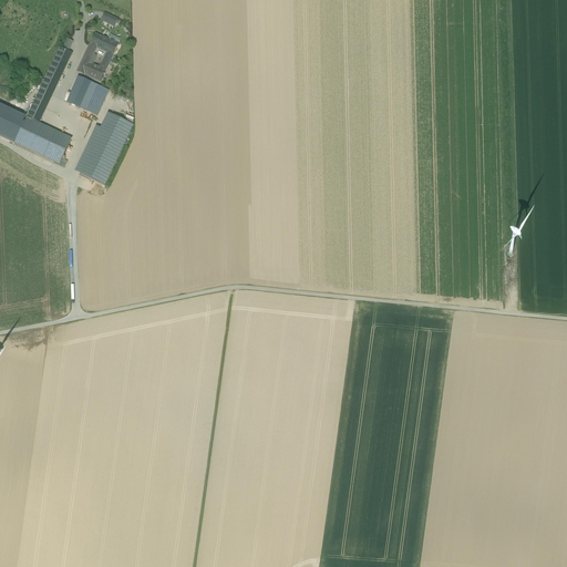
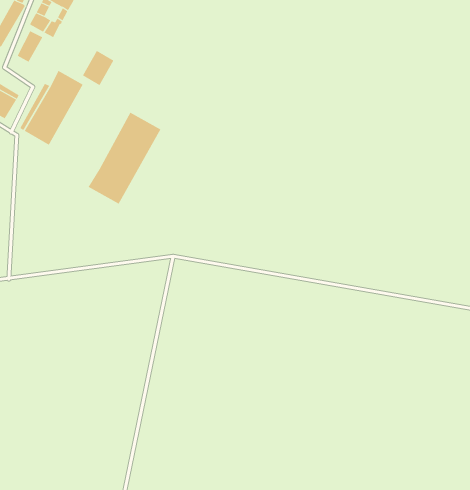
building: [79,80,109,114] -> [82,50,114,86]
building: none -> [88,112,161,204]

